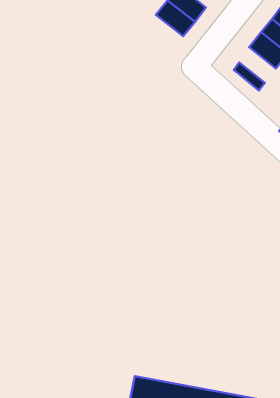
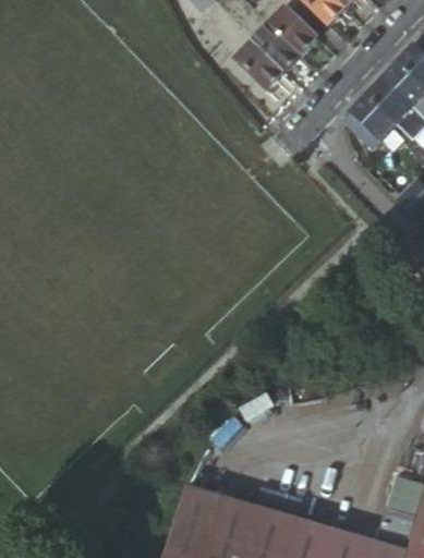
building: none -> [242,47,290,94]
building: none -> [354,98,401,144]

